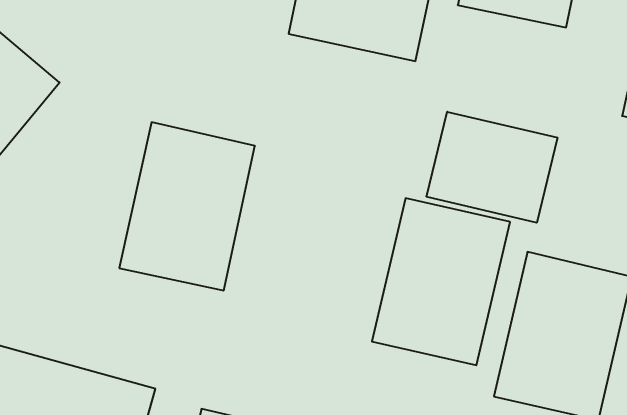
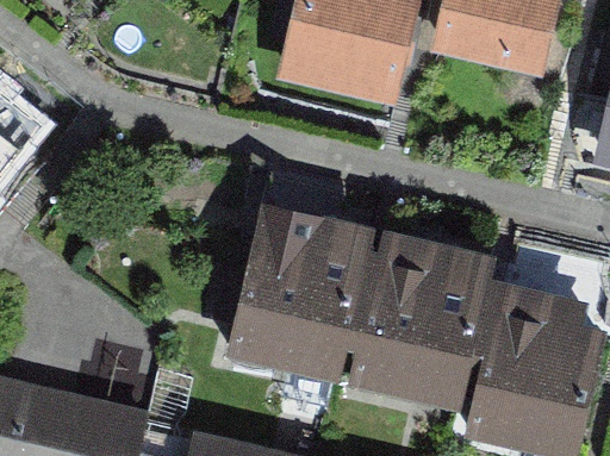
building: [427,112,557,223] -> none
building: [119,122,255,290] -> [235,202,365,363]

